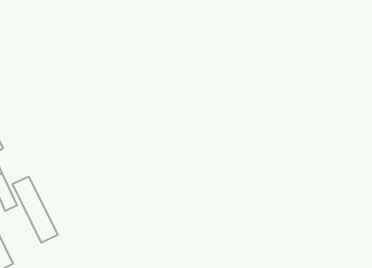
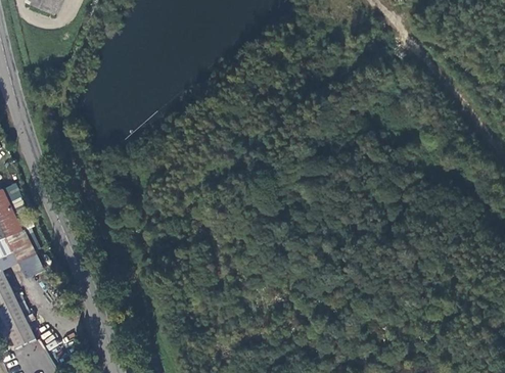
building: [13,177,58,243] -> none

